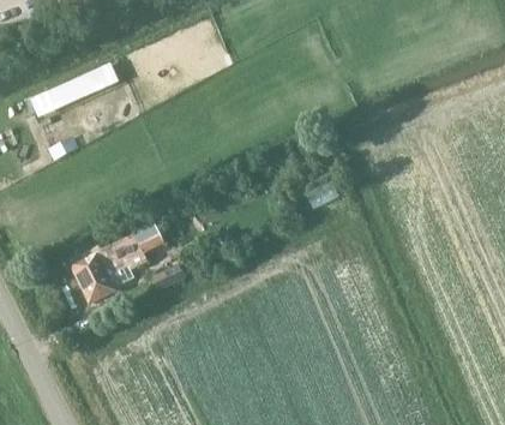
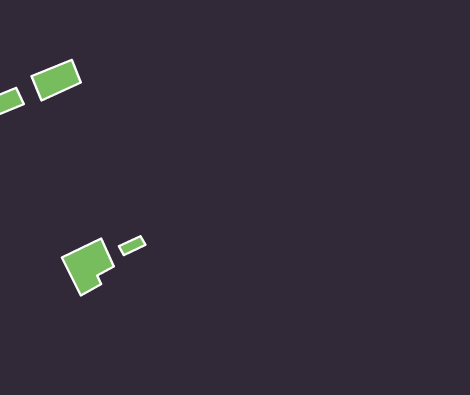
building: [71,251,118,301] -> none

